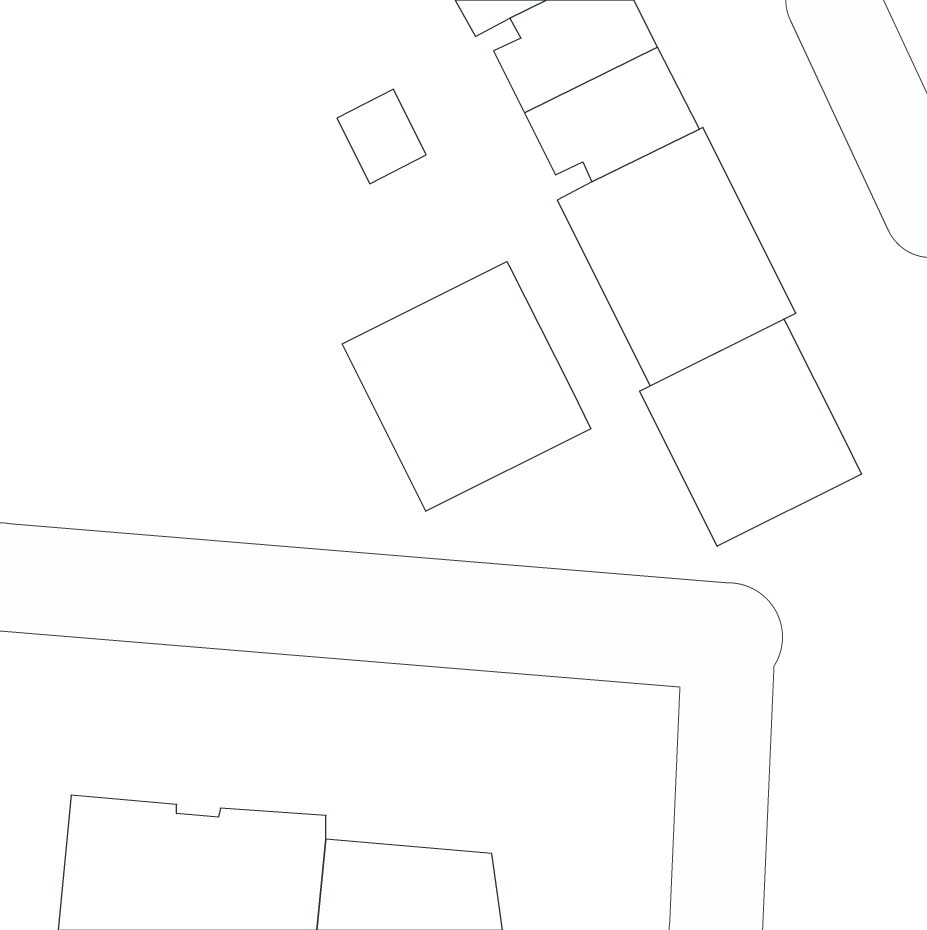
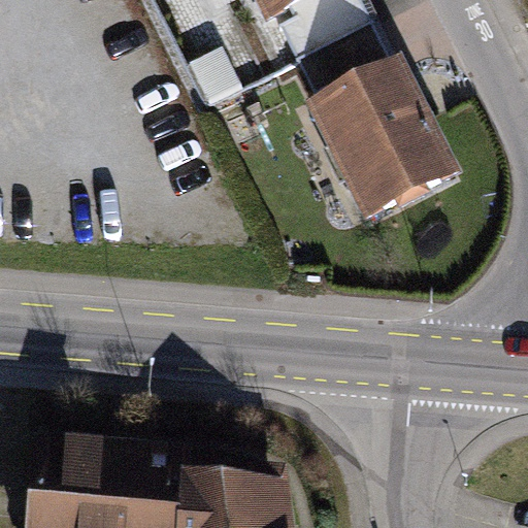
building: [342,262,591,511] -> none
building: [640,319,861,546] -> none

